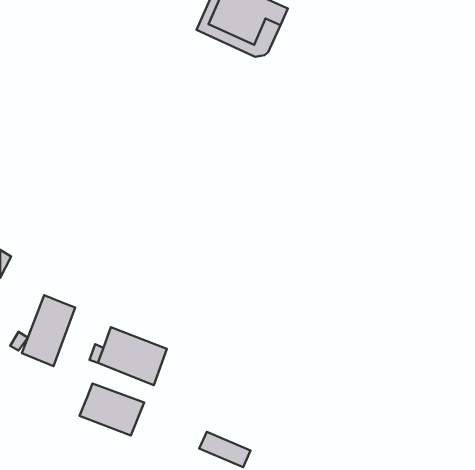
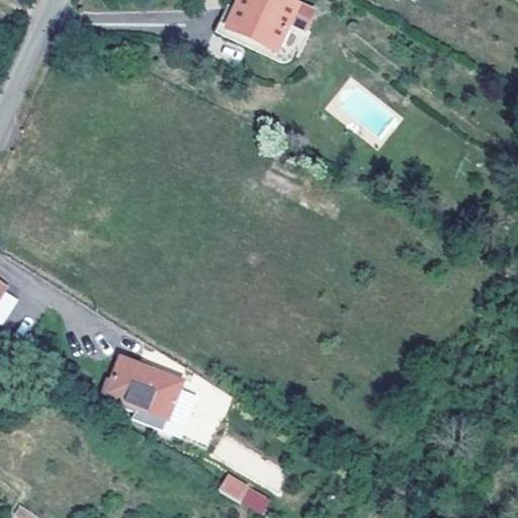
building: [22,295,75,366] -> none
building: [80,383,144,435] -> none

